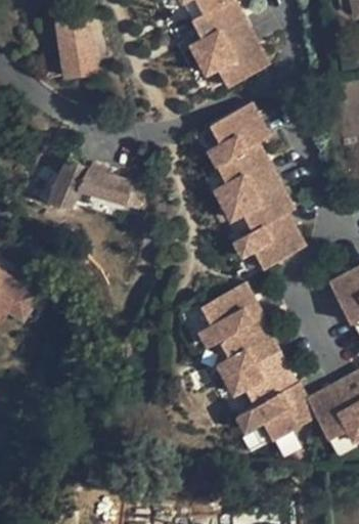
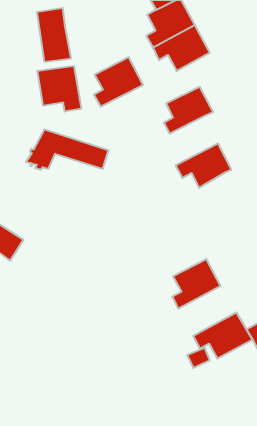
building: none -> [38,66,81,112]
building: [215,143,275,204] -> [94,57,143,107]
building: [234,212,303,267] -> none
building: [201,285,263,345] -> none
building: [226,351,296,406] -> none

